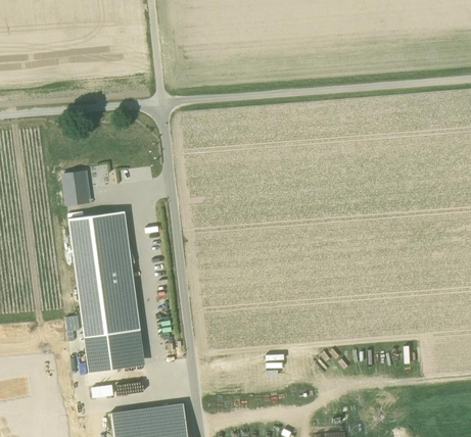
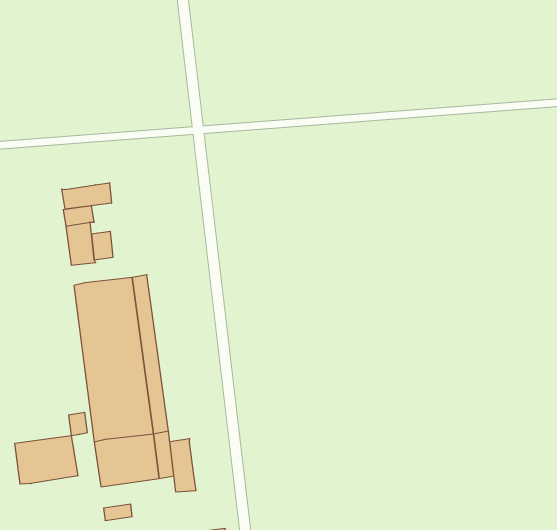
building: none -> [62,183,111,209]
building: none -> [15,435,78,484]
building: none -> [170,438,196,492]

